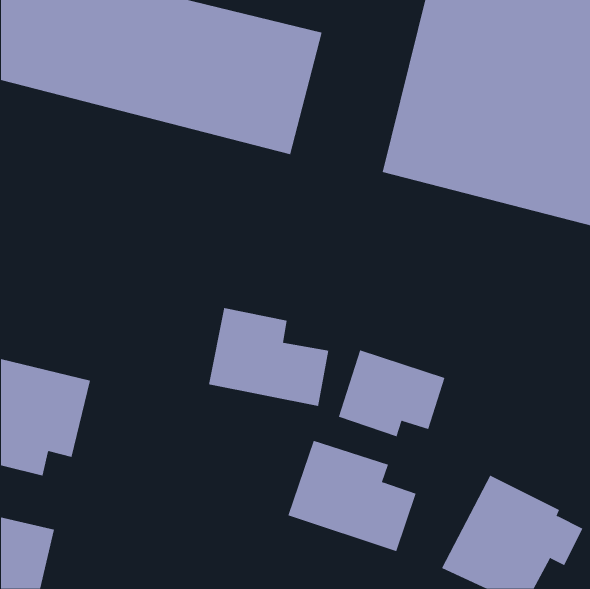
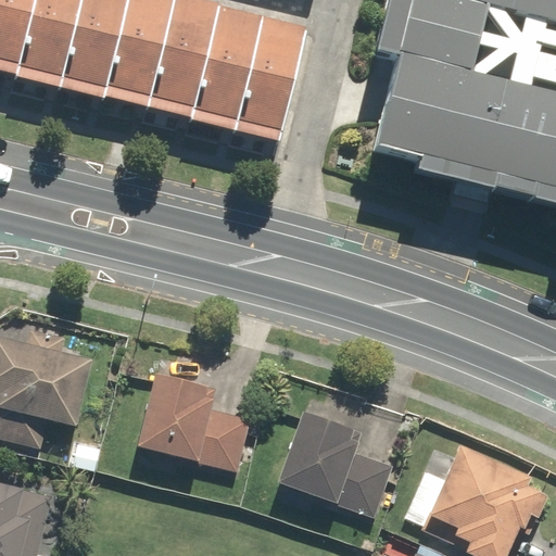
building: [208,308,329,407] -> [138,375,251,467]
building: [338,349,445,437] -> none

